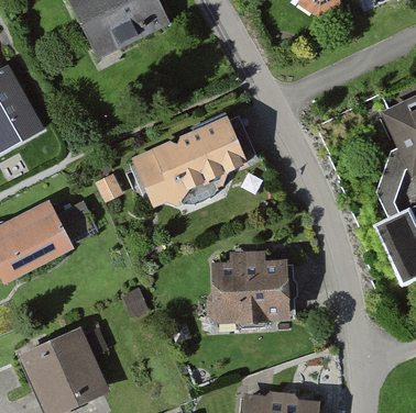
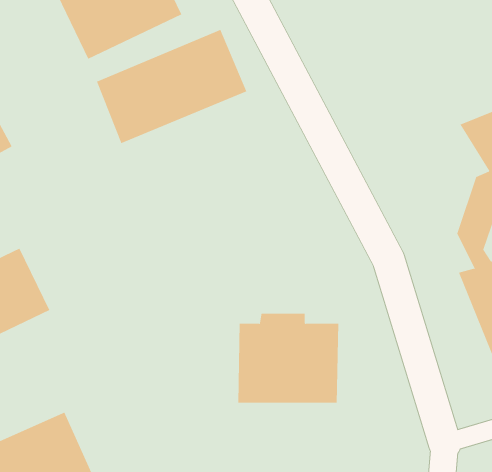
building: [135,121,250,208] -> [96,29,247,144]

